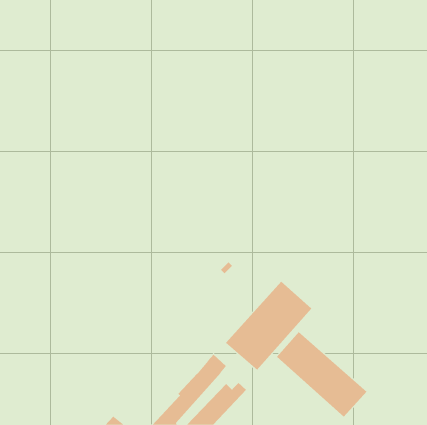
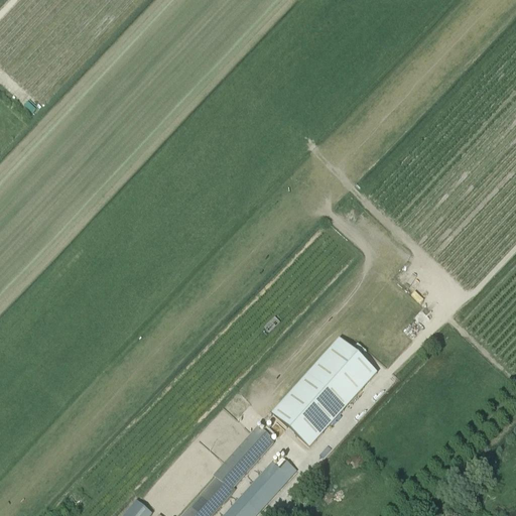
building: [276,331,368,417] -> none

